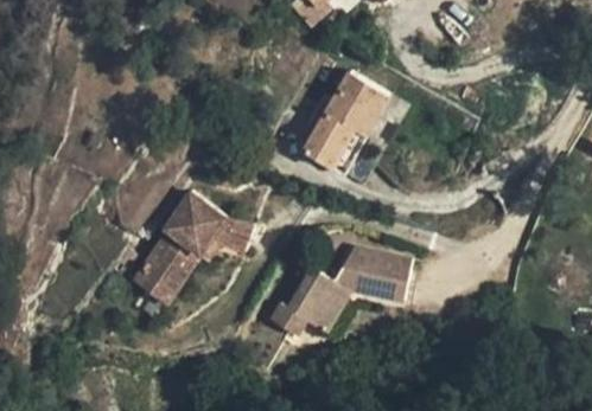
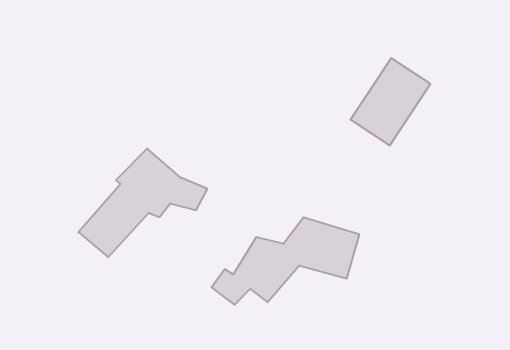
building: [305,86,381,172] -> [350,58,430,145]

